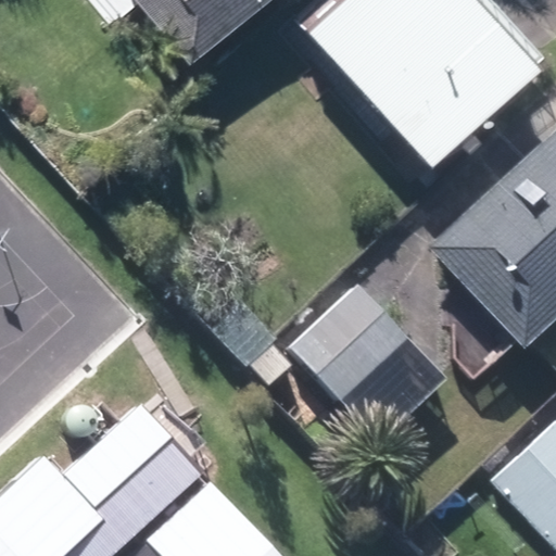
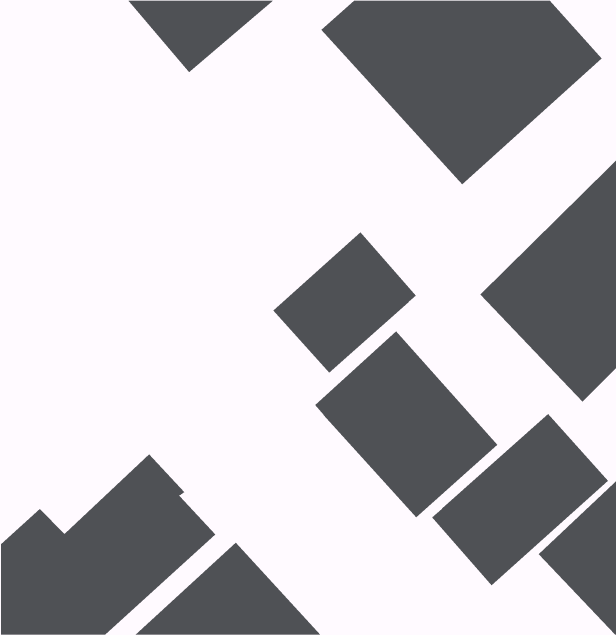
building: none -> [273,232,417,374]
building: none -> [431,413,609,586]

